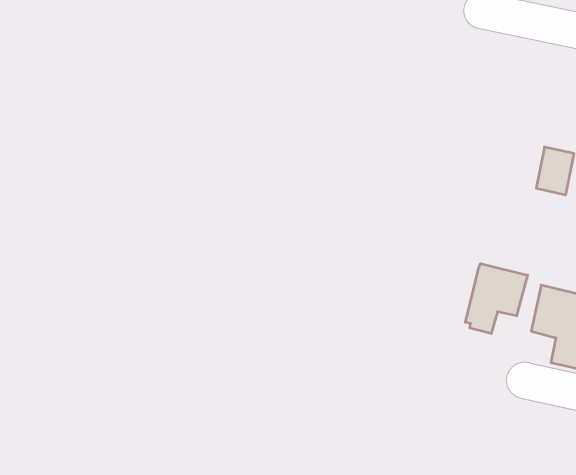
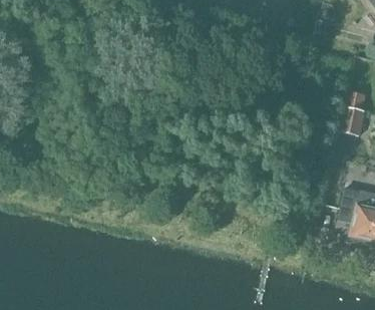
building: [465,264,528,334] -> none

